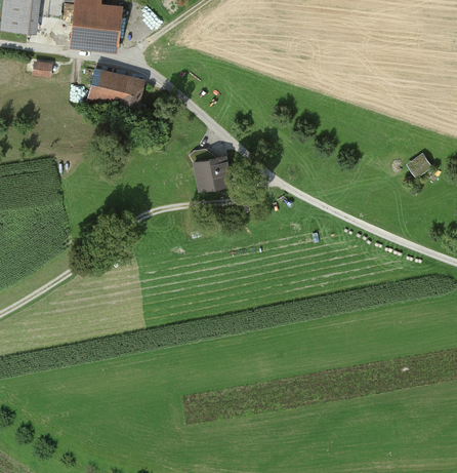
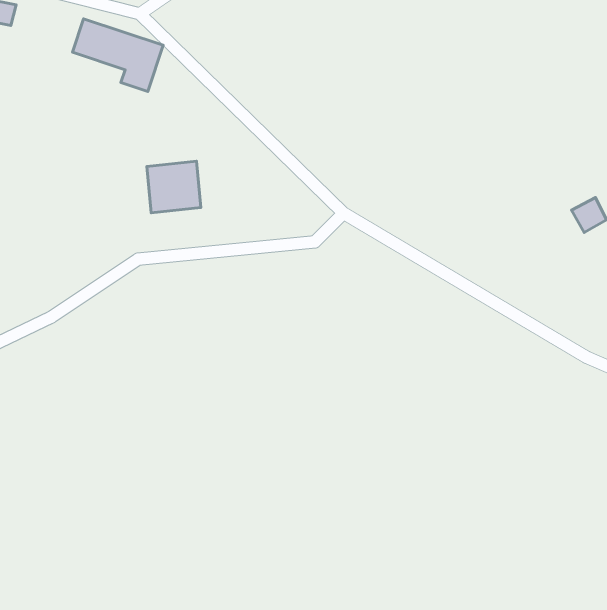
building: [195,157,231,192] -> [147,161,201,213]

